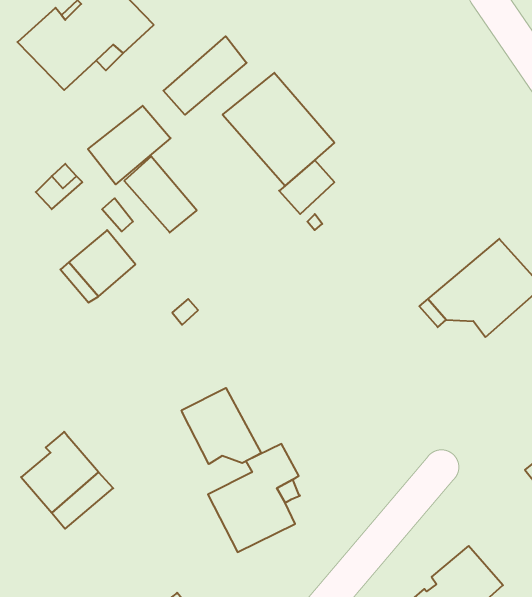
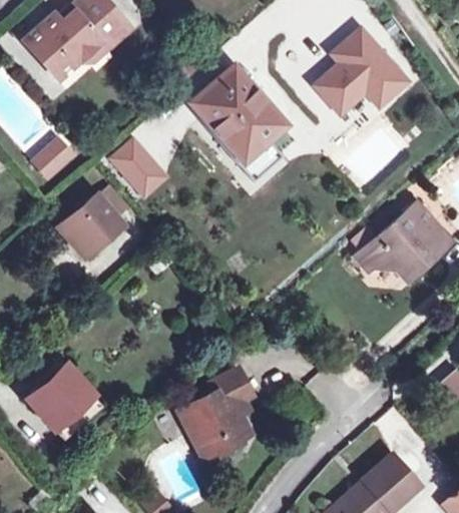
building: none -> [320,30,409,113]
building: [163,36,247,115] -> none
building: [88,106,171,184] -> none
building: [182,388,261,464] -> none

